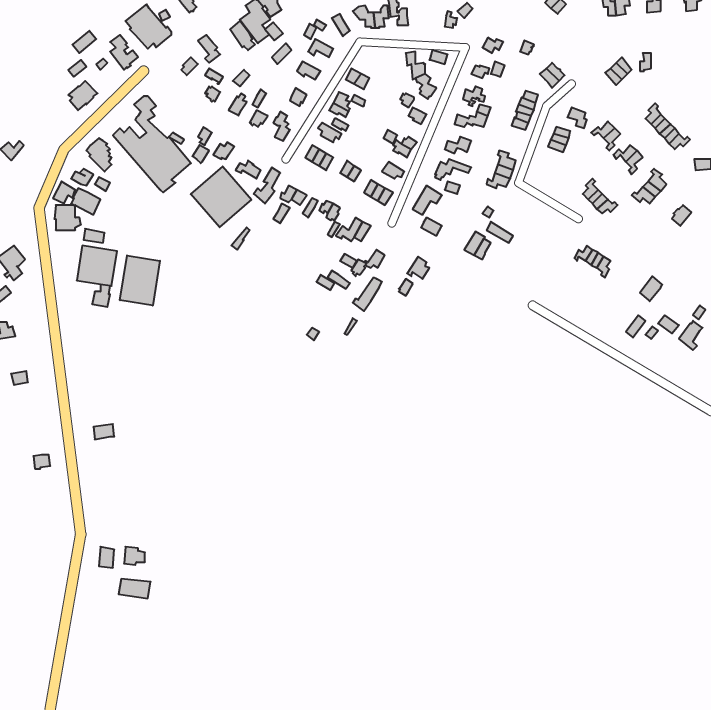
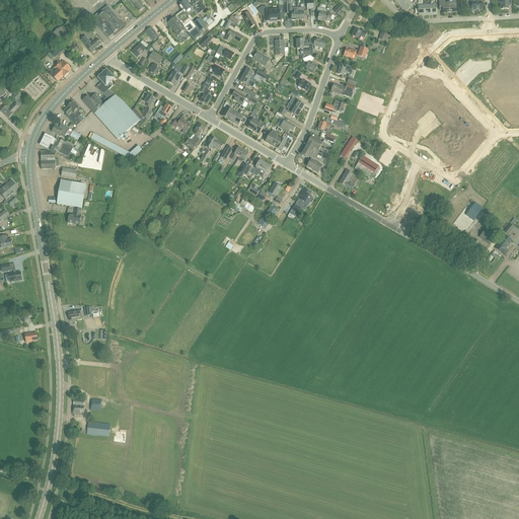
building: [191,166,251,227] -> none
building: [120,255,160,306] -> none

